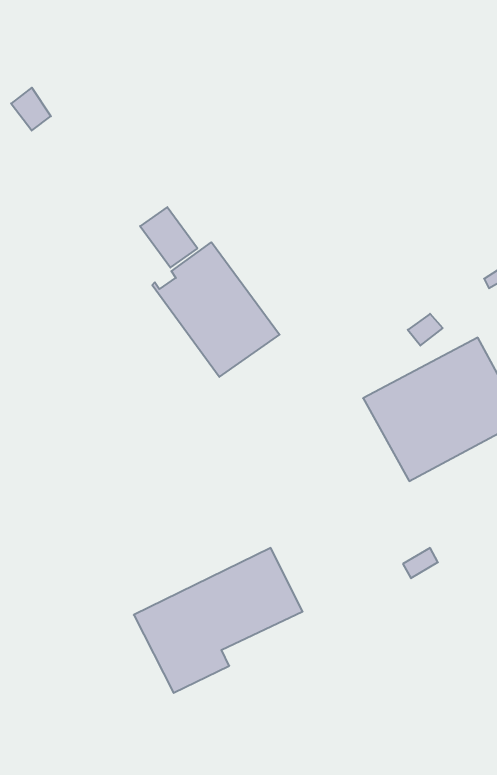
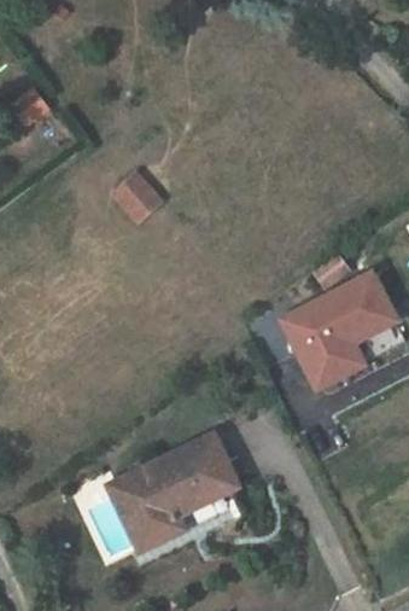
building: [152,242,280,377] -> none

